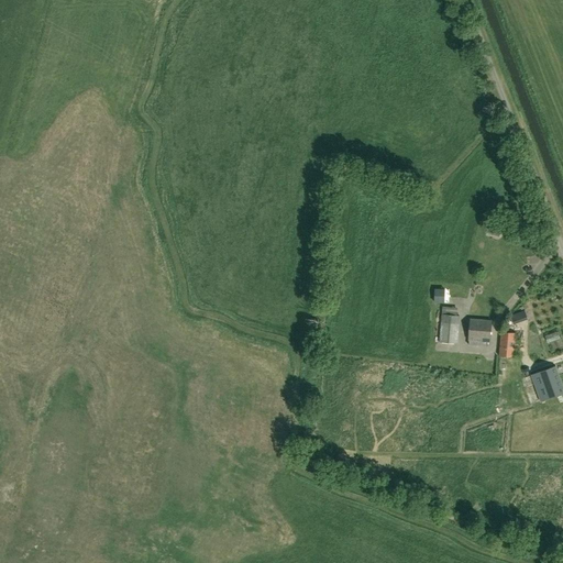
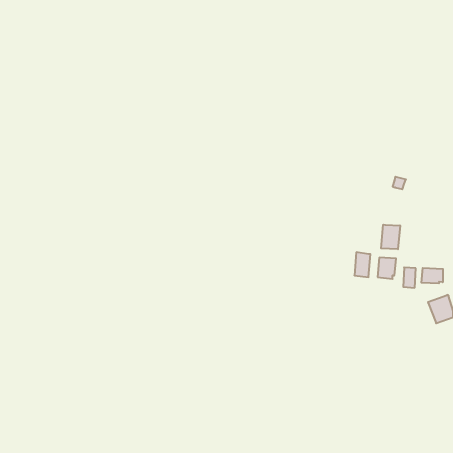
building: none -> [381,225,400,249]
building: none -> [421,268,443,283]

